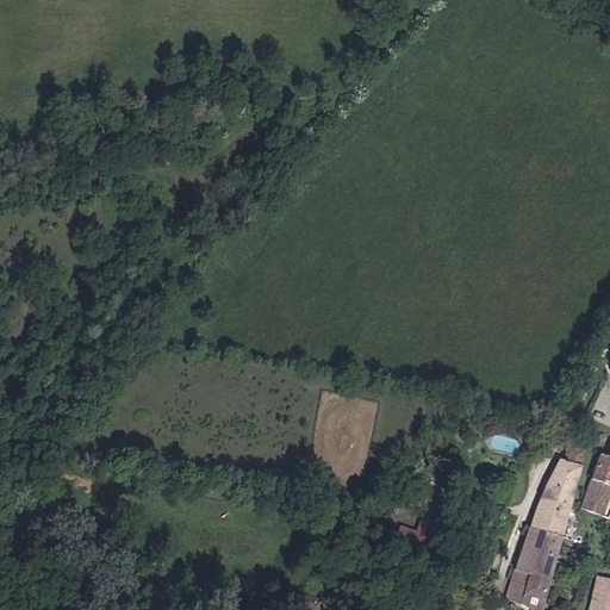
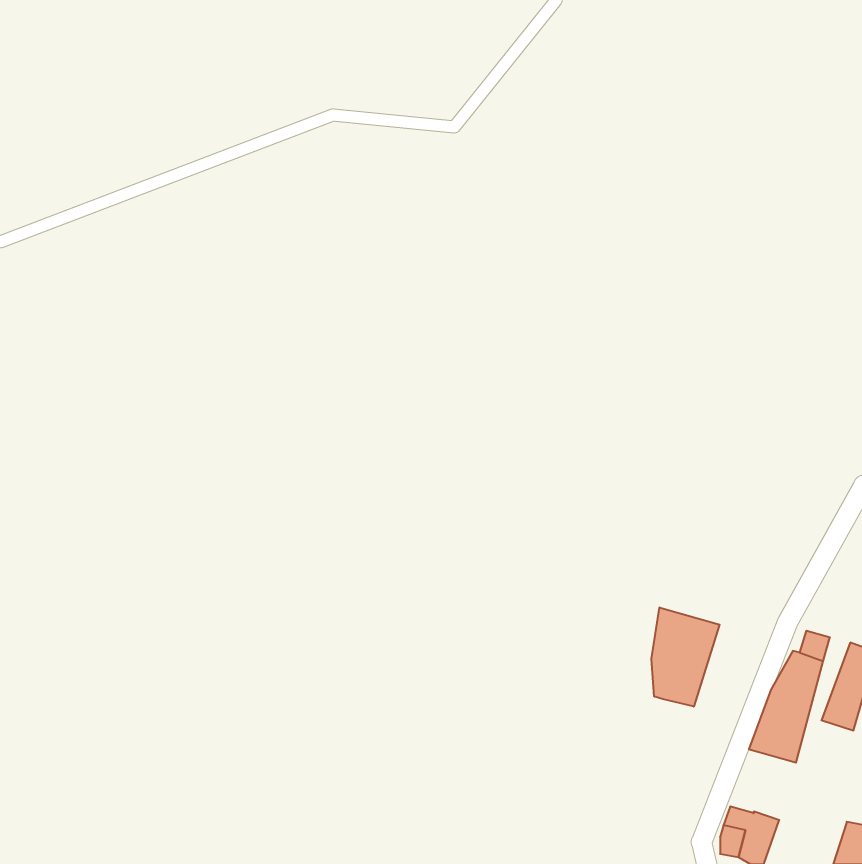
building: none -> [651,607,720,707]
building: [516,528,562,578] -> none

